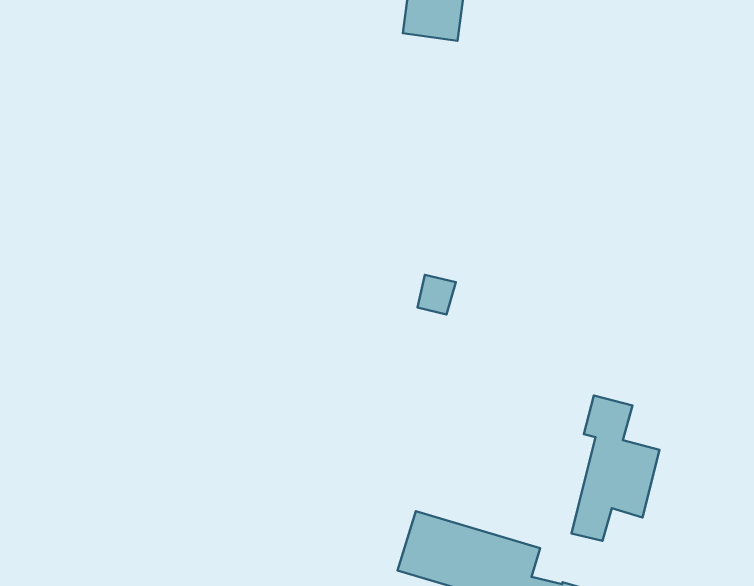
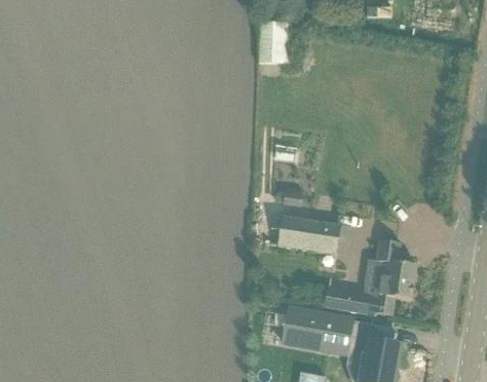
building: none -> [271,215,335,253]
building: none -> [324,290,359,312]

